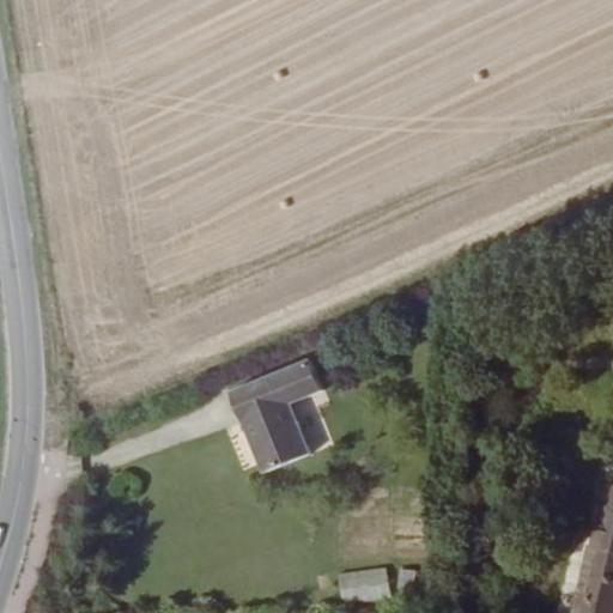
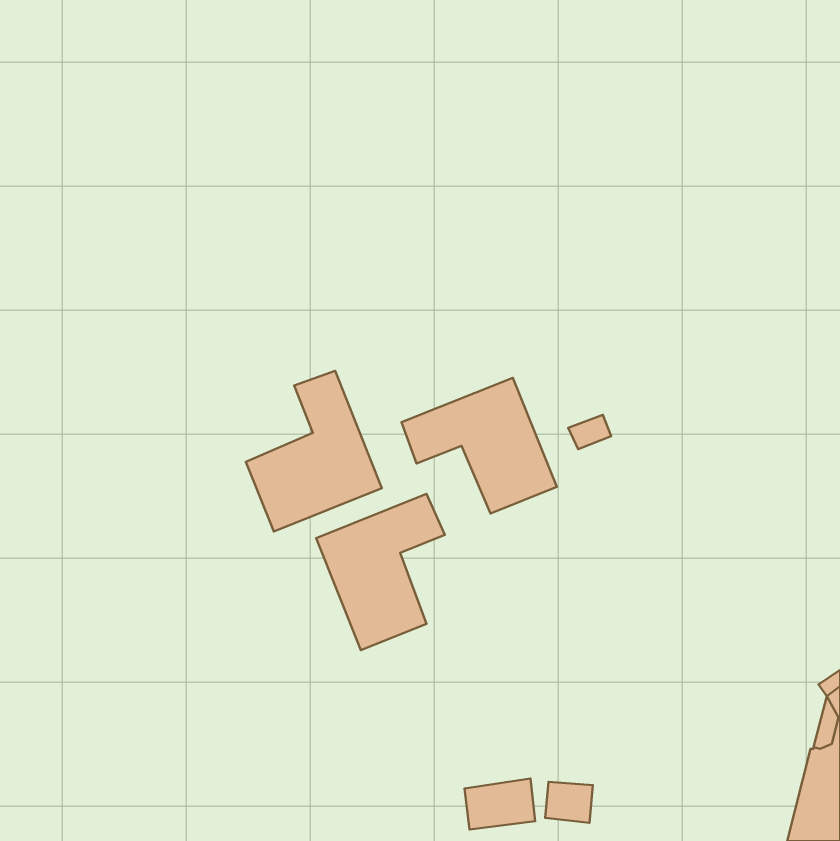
building: none -> [246,371,382,532]
building: none -> [402,378,557,513]

